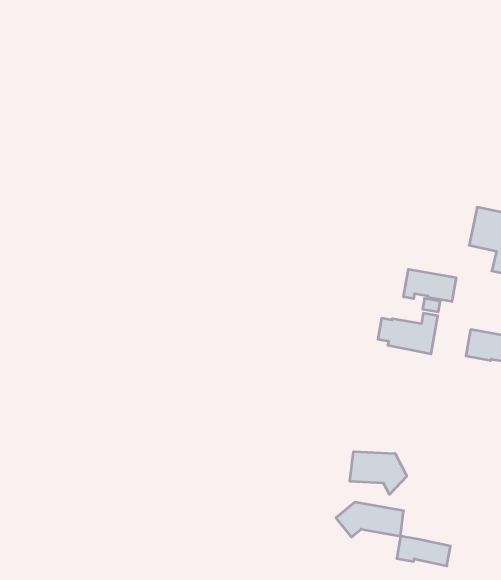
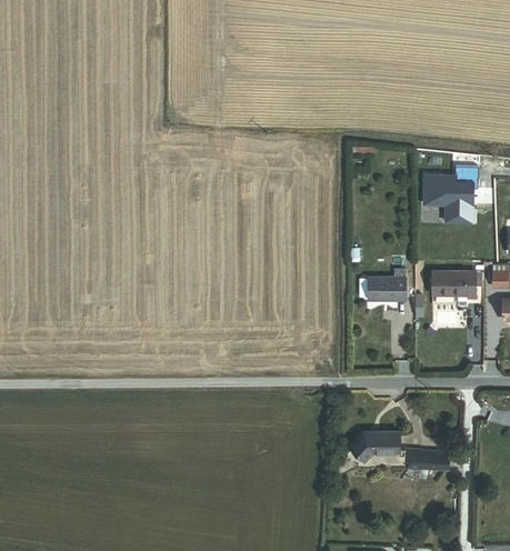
building: [404,269,456,302] -> none
building: [350,452,407,494] -> none

